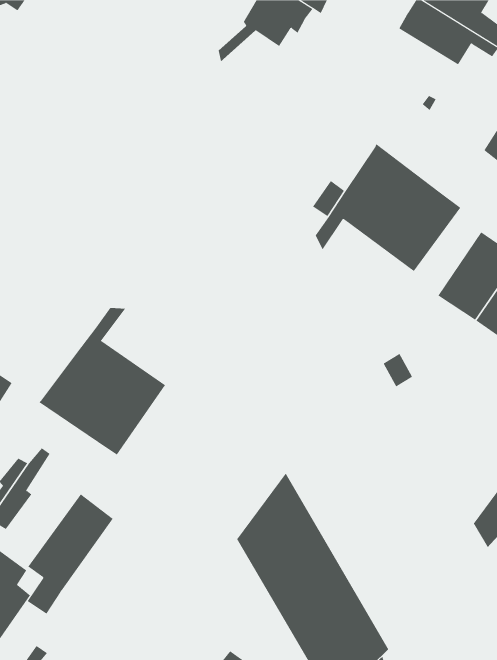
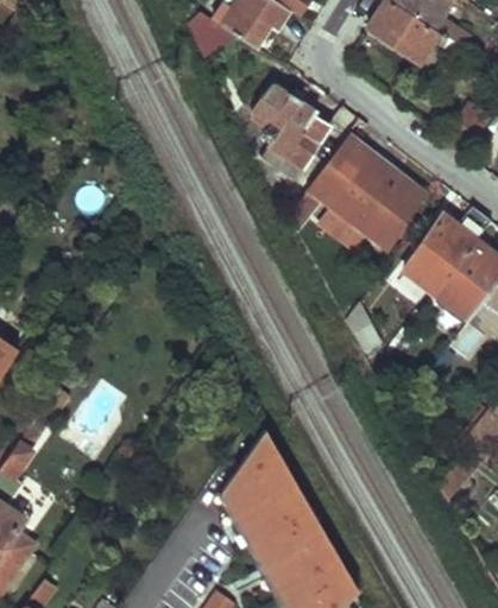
building: none -> [253,81,359,177]
building: [39,307,166,455] -> none
building: [27,493,113,614] -> none

